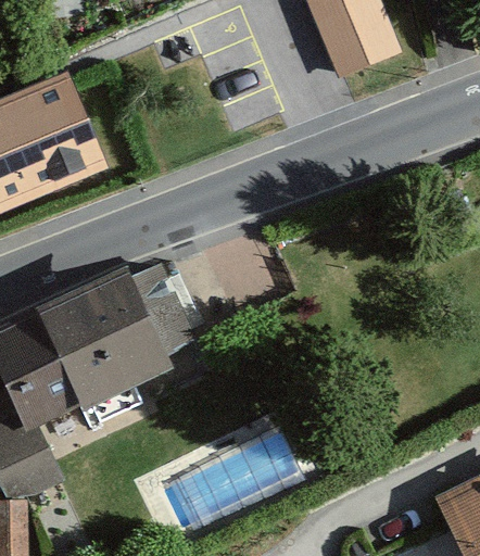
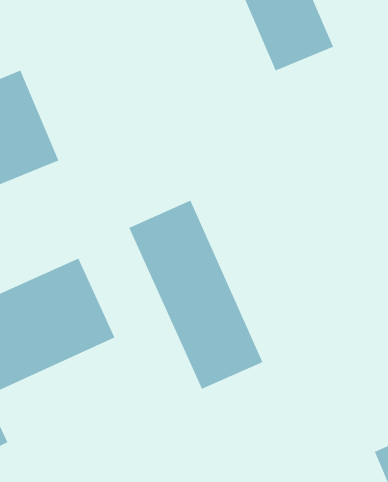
building: none -> [128,199,264,390]

